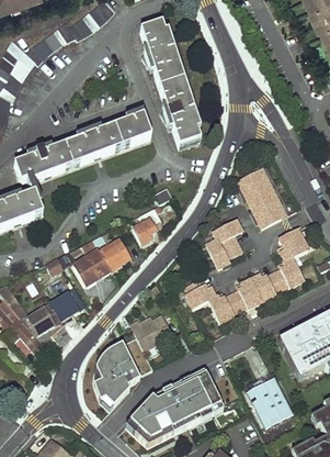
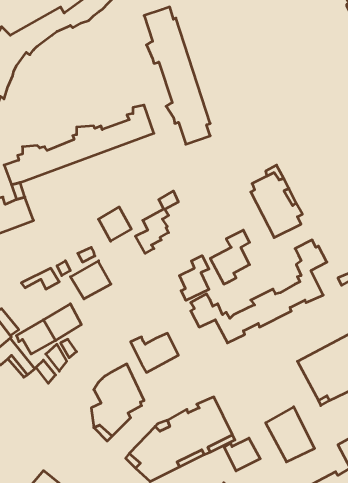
building: [99,239,128,270] -> [98,207,131,241]
building: none -> [179,256,209,300]
building: none -> [224,438,260,471]

